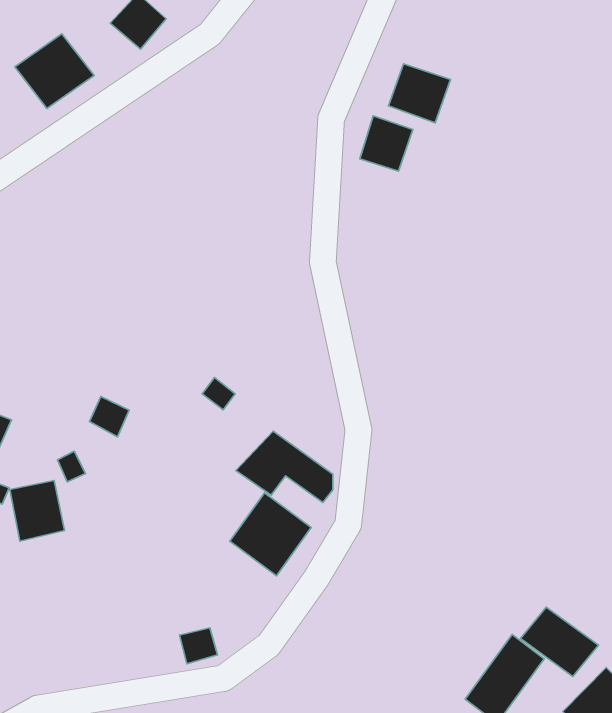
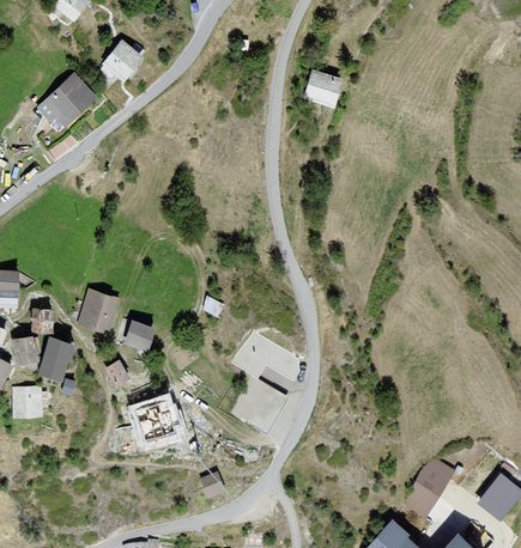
building: [360,116,413,171] -> none
building: none -> [77,290,113,330]
building: [10,481,64,541] -> [133,400,174,444]
building: [521,607,598,676] -> none

